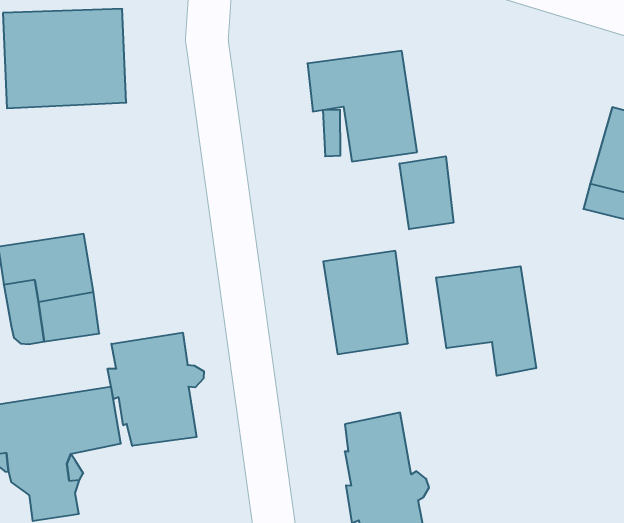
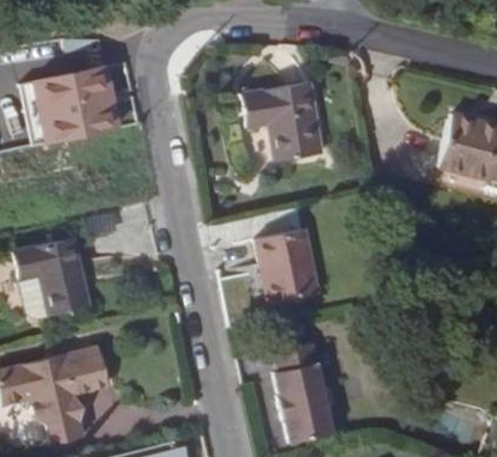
building: [400,156,453,229] -> none
building: [436,266,536,376] -> none
building: [108,333,204,446] -> none

